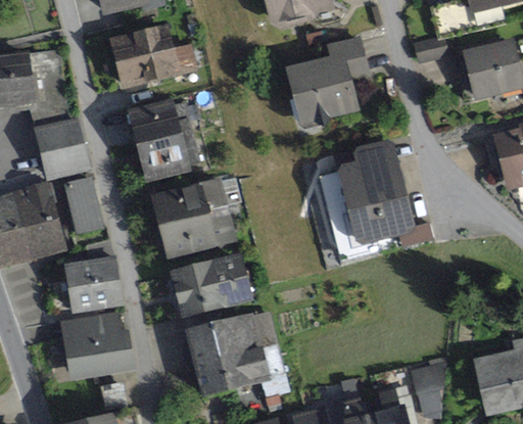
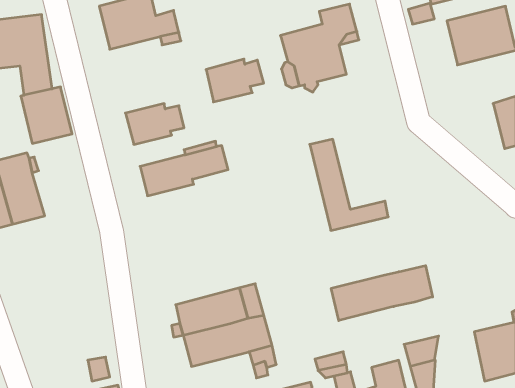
building: [132,104,188,146] -> [206,59,264,102]
building: [338,145,432,244] -> none
building: [68,180,100,231] -> none
building: [160,216,233,255] -> none
building: [173,258,246,314] -> none
building: [66,260,122,310] -> none
building: none -> [331,266,433,321]
building: [64,313,132,373] -> none

